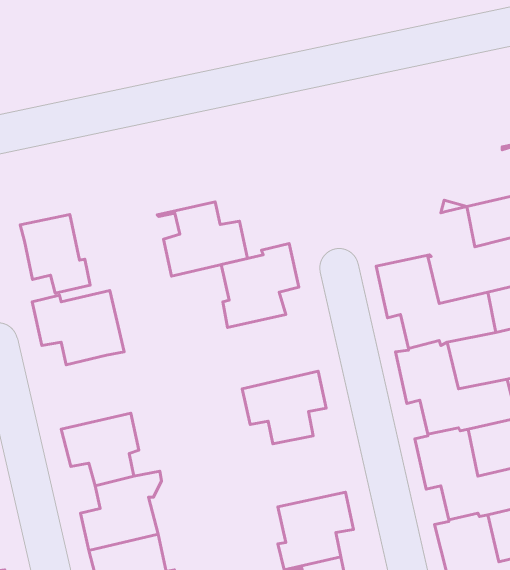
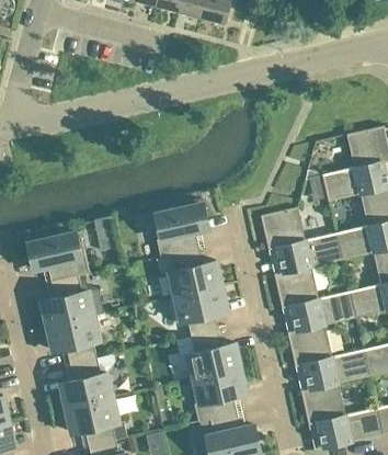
building: [157,202,248,276] -> [159,248,220,298]
building: [20,214,90,293] -> none
building: none -> [41,275,93,326]
building: none -> [187,330,239,378]

